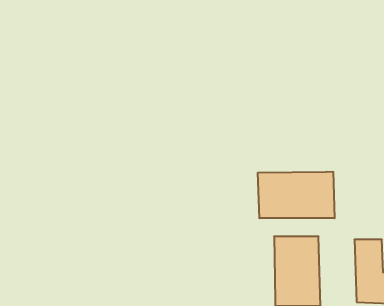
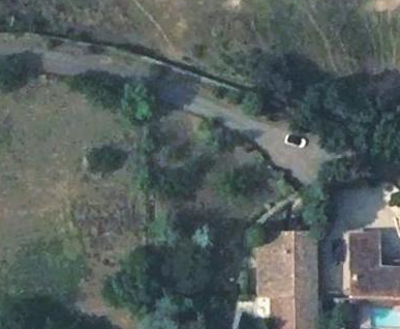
building: [258,172,335,218] -> none

